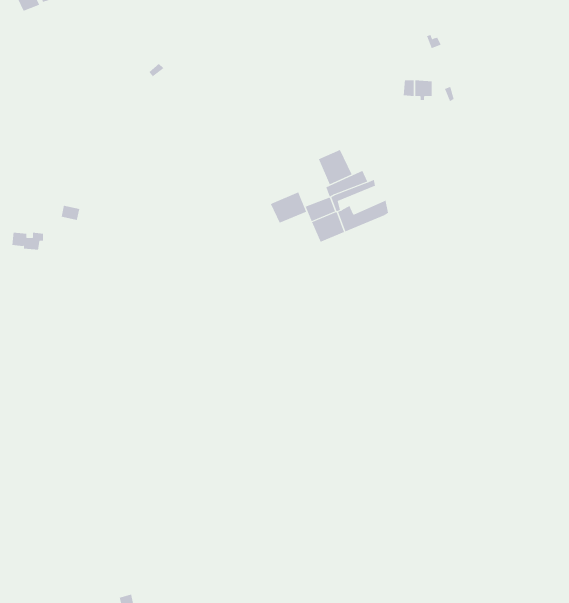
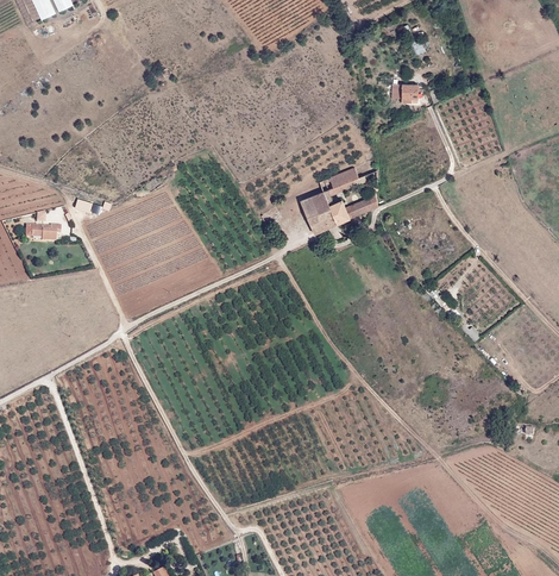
building: [318,149,352,185] -> none
building: [270,192,307,224] -> none

